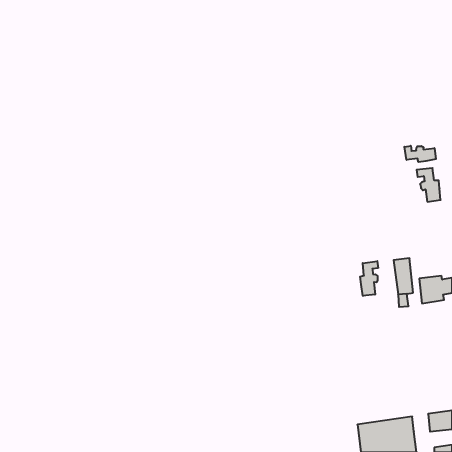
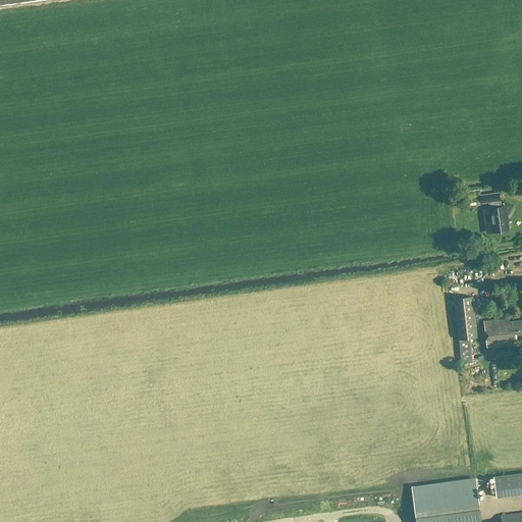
building: [404,146,436,162] -> none
building: [360,261,378,296] -> none

